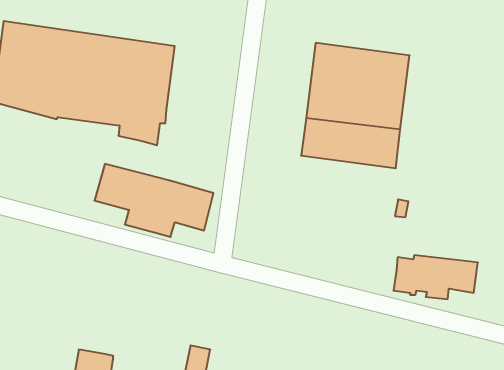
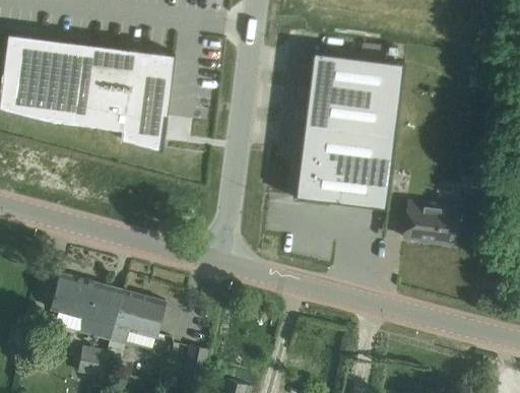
building: none -> [291,159,390,208]
building: [94,164,213,237] -> [50,273,166,344]
building: [393,255,478,299] -> [402,203,484,246]

